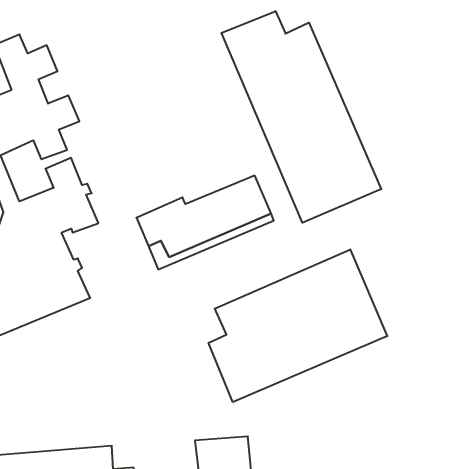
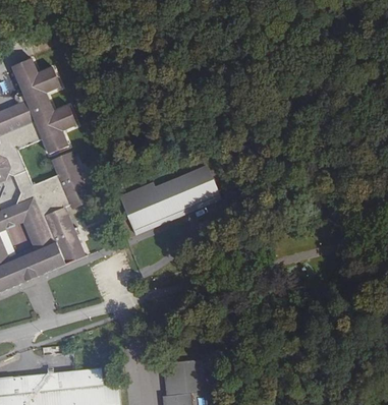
building: [221,11,381,223] -> none
building: [209,249,387,402] -> none

